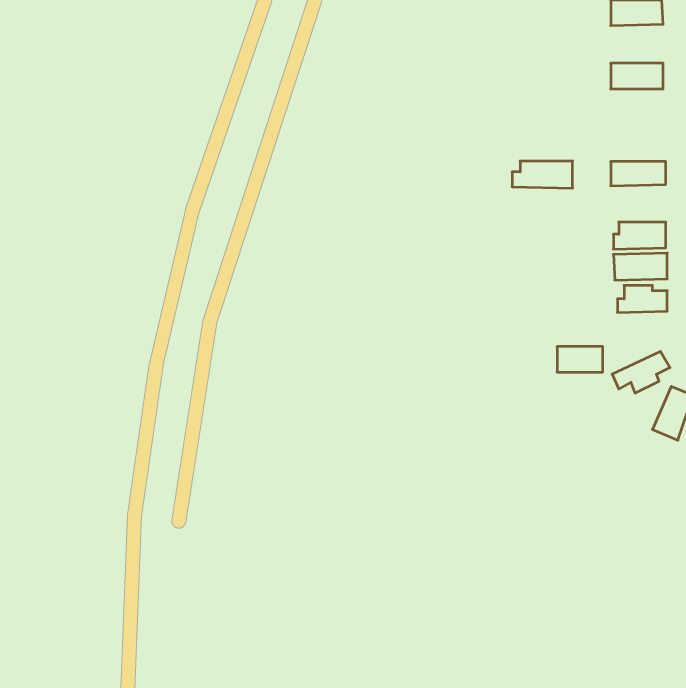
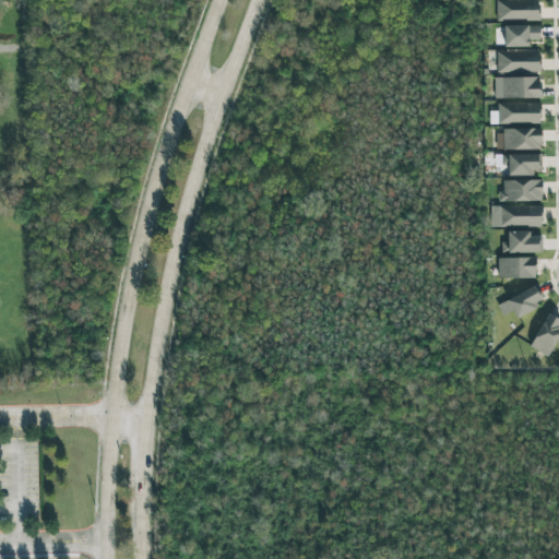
building: none -> [504,25,539,47]
building: none -> [495,76,540,98]
building: [512,161,573,188] -> [491,103,540,124]
building: none -> [503,154,542,175]
building: [557,347,603,372] -> [499,258,536,278]

